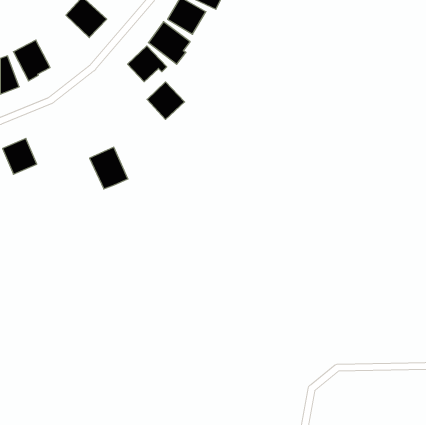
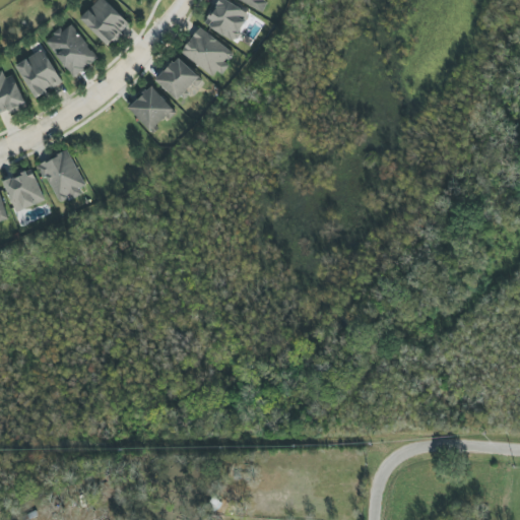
building: none -> [45,23,98,76]
building: [147,82,185,119] -> [129,85,175,131]
building: [90,147,128,189] -> [40,150,86,201]

